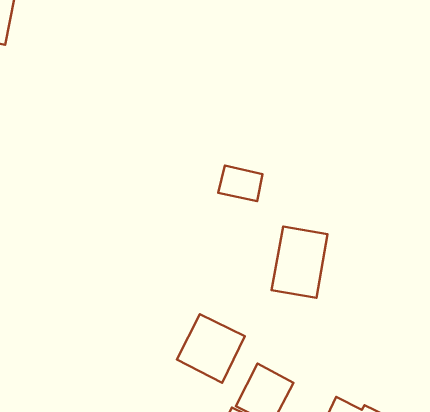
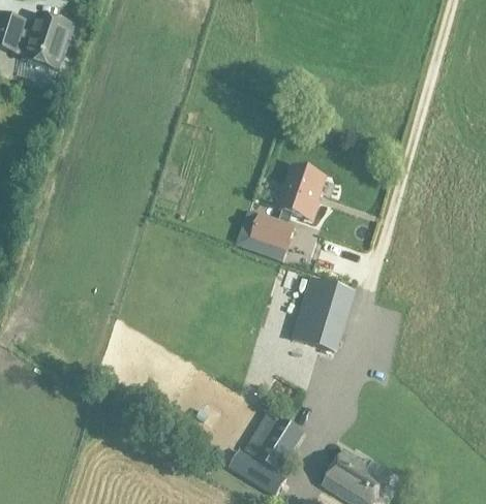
building: none -> [276,167,322,220]
building: [177,314,245,383] -> none

